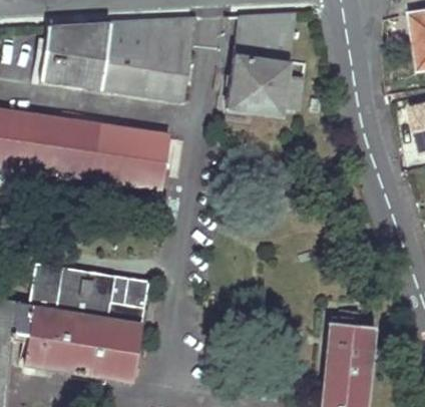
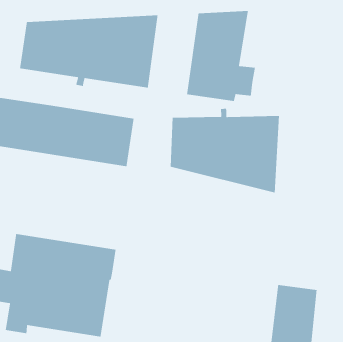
building: none -> [170,108,280,193]

